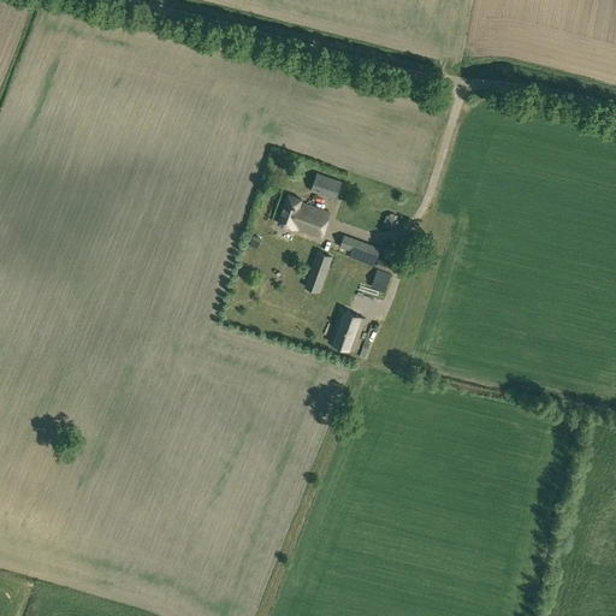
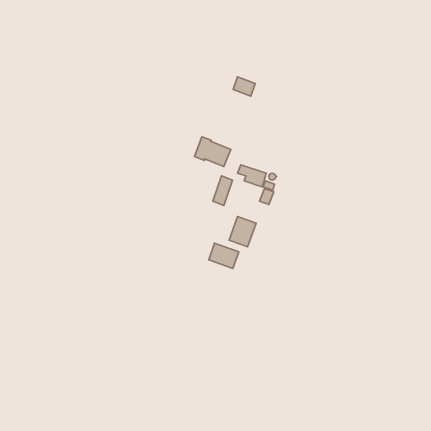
building: [309,173,340,201] -> [233,77,255,96]
building: none -> [209,243,239,268]

